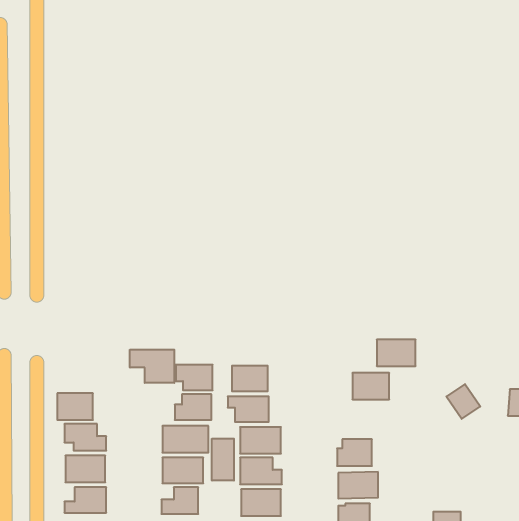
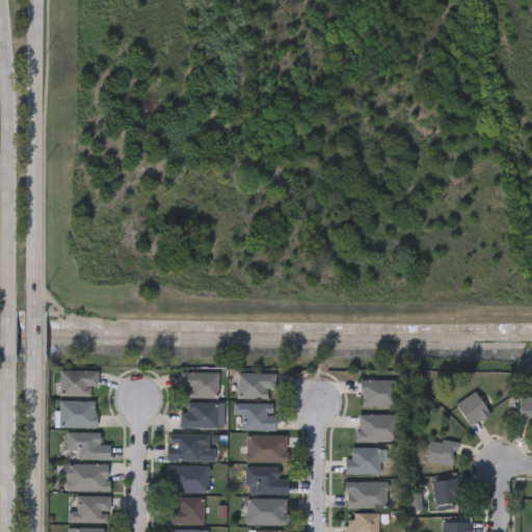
building: [377,340,416,366] -> [358,415,398,442]
building: [130,350,174,383] -> none
building: none -> [59,370,99,396]
building: none -> [429,440,458,467]
building: [212,439,234,481] -> none
building: none -> [433,478,462,505]

